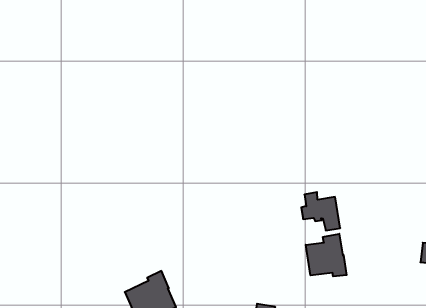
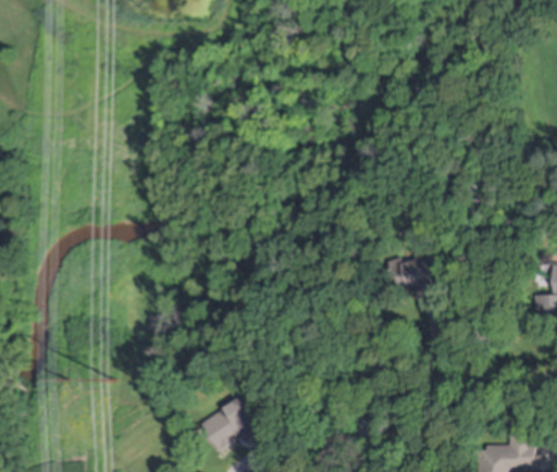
building: [306,234,347,276] -> none

